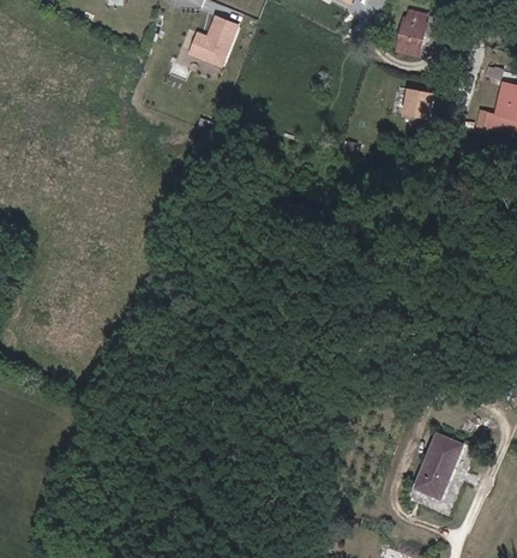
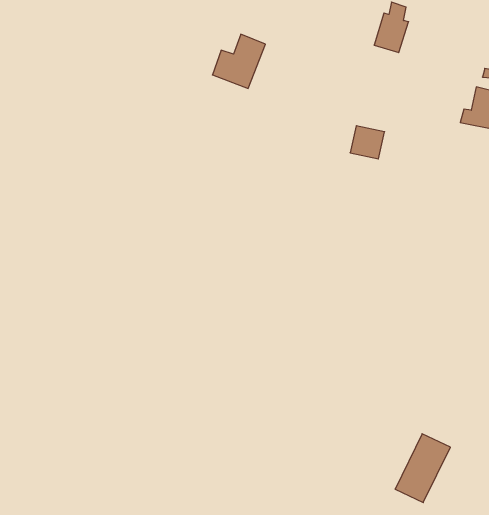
building: [190,14,241,67] -> [212,34,265,88]
building: [403,85,437,118] -> [350,126,385,159]

